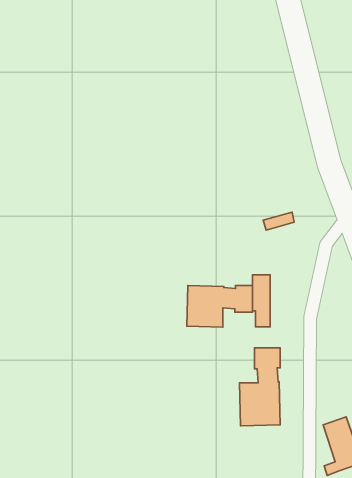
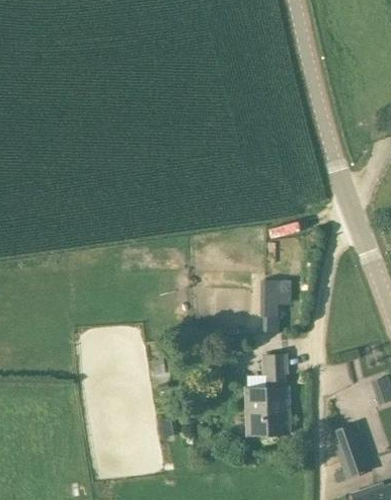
building: [187,286,252,327] -> none

